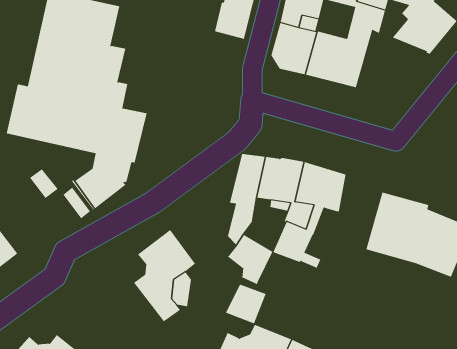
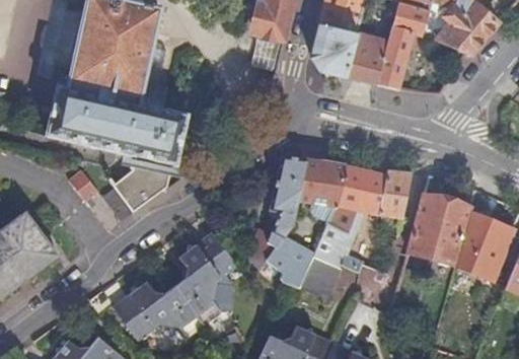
building: none -> [381,170,413,218]
building: none -> [113,281,205,339]
building: [225,284,267,324] -> [300,255,342,295]

